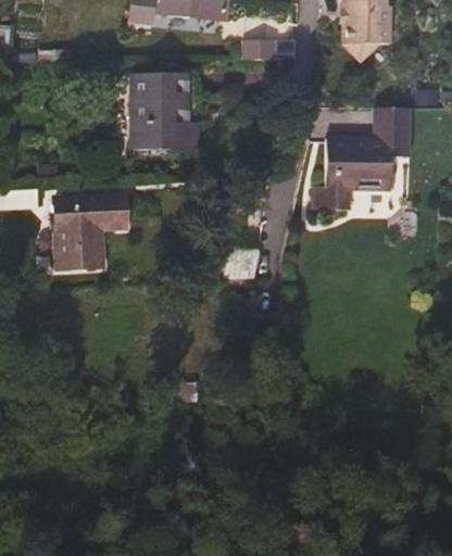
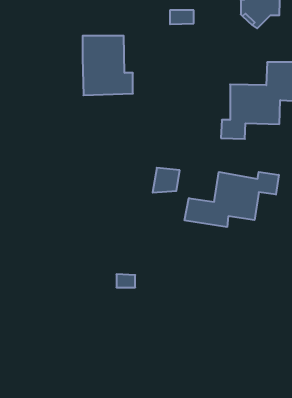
building: [54,195,126,268] -> none
building: none -> [185,172,279,227]

